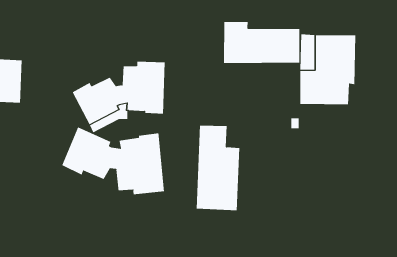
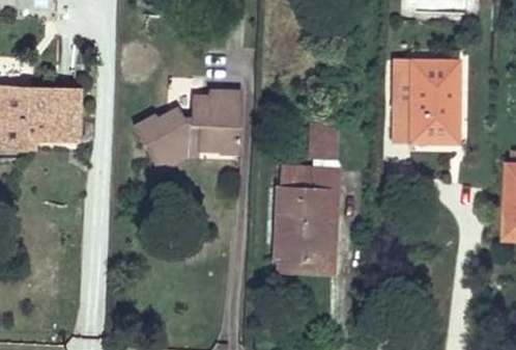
building: [224,21,300,64] -> none
building: none -> [274,123,340,274]
building: [62,127,165,195] -> none

